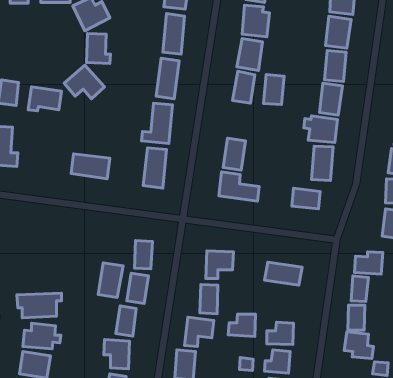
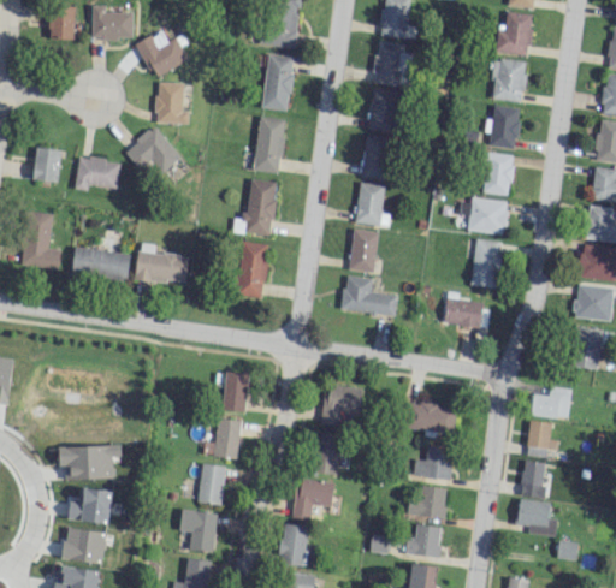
building: [264,74,284,104] -> [356,183,385,225]
building: none -> [72,248,131,280]
building: [98,263,123,297] -> none
building: [228,314,256,337] -> [414,447,452,479]

